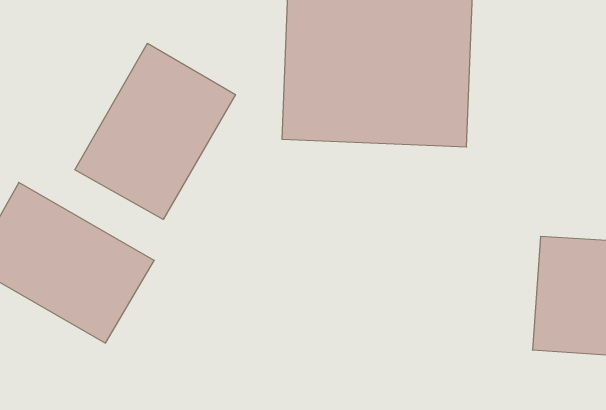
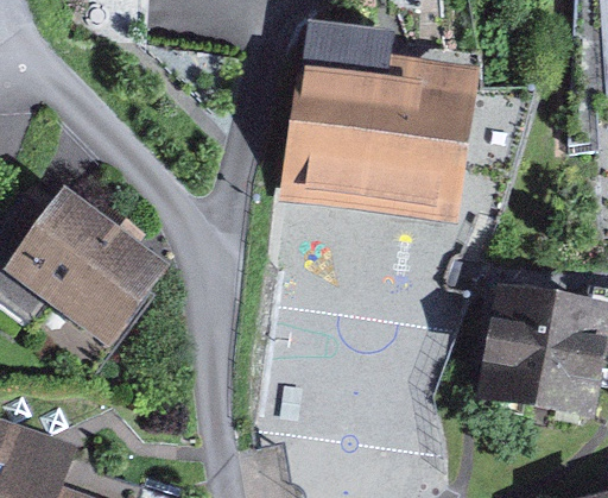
building: [75,43,235,219] -> none

